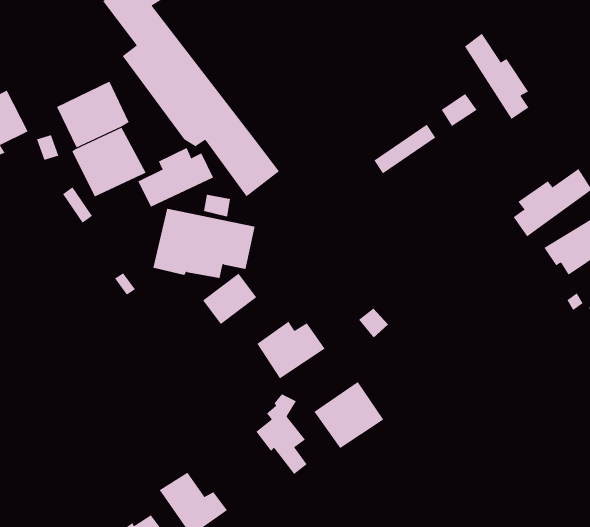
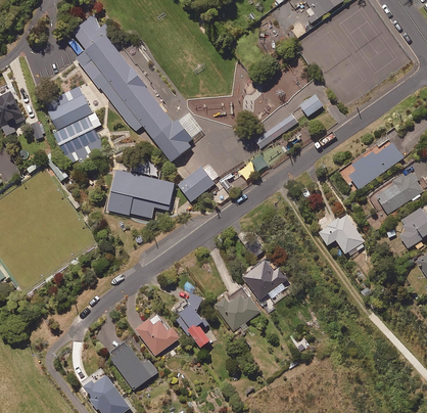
building: [464,33,529,120] -> none
building: [137,147,214,207] -> none
building: none -> [316,213,365,257]
building: [202,273,257,325] -> [178,168,215,202]
building: [257,321,326,379] -> [243,261,289,300]
building: none -> [136,313,178,355]

